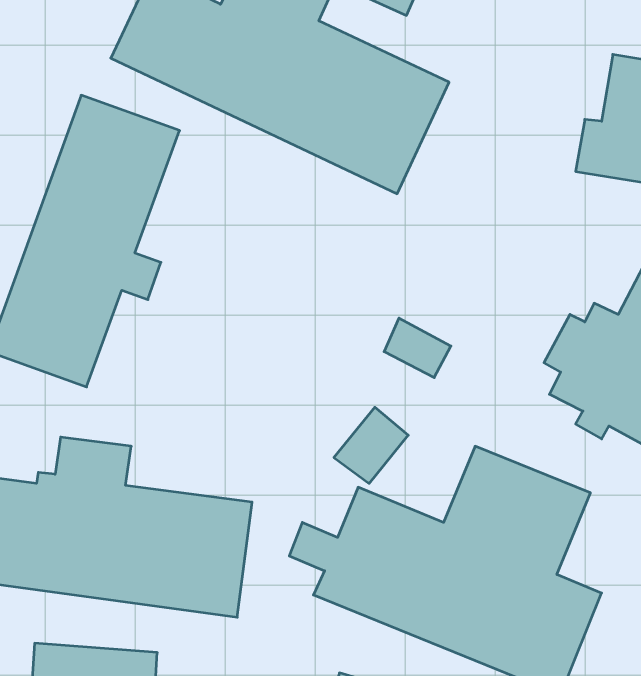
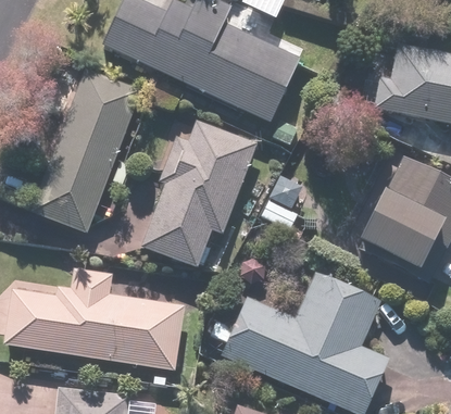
building: none -> [127,116,260,268]

